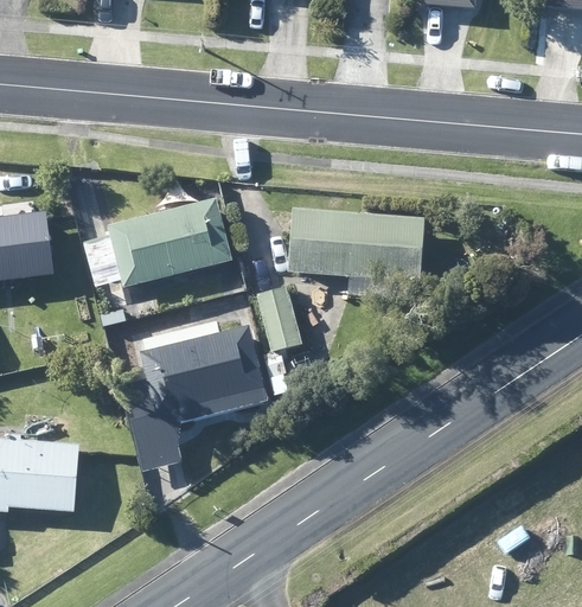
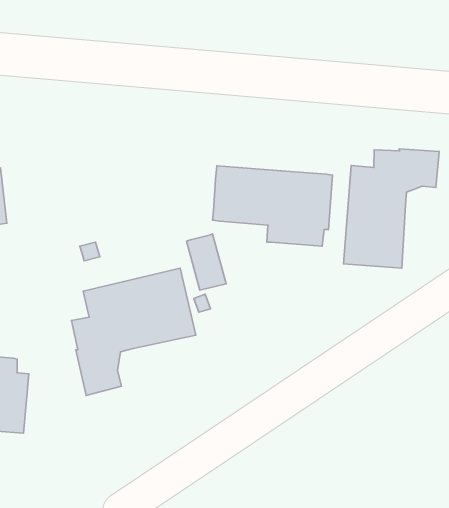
building: none -> [344,149,439,268]
building: [108,197,231,285] -> none

